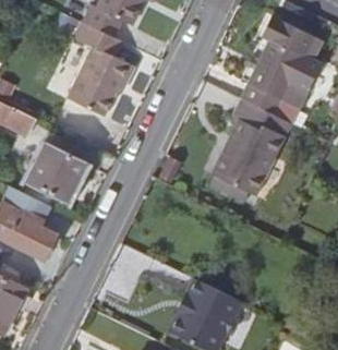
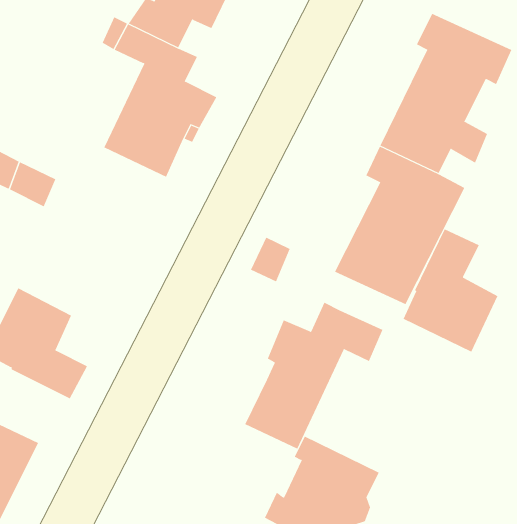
building: [31,143,86,203] -> none
building: none -> [403,229,498,353]
building: none -> [245,302,383,450]

